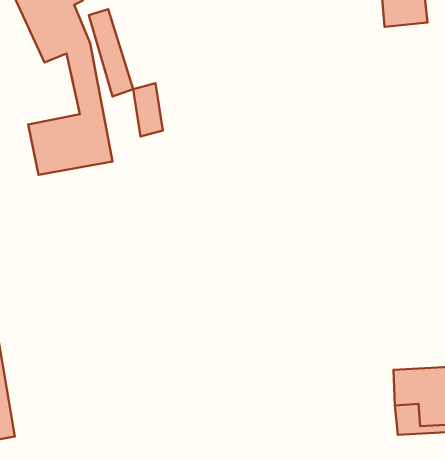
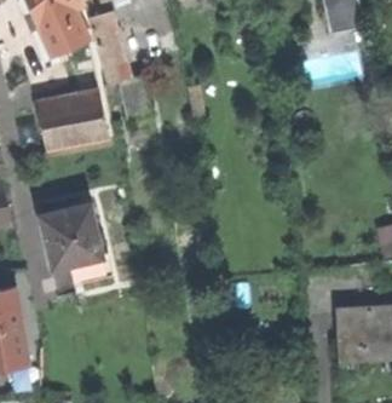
building: none -> [41,205,111,284]

